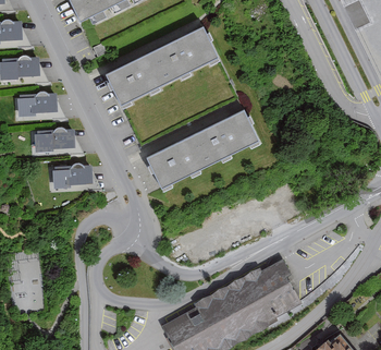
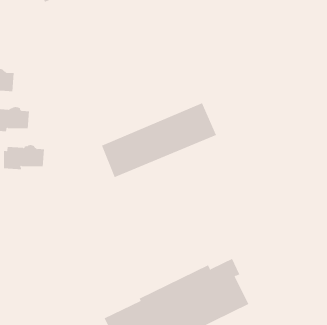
building: [105,26,217,106] -> none

